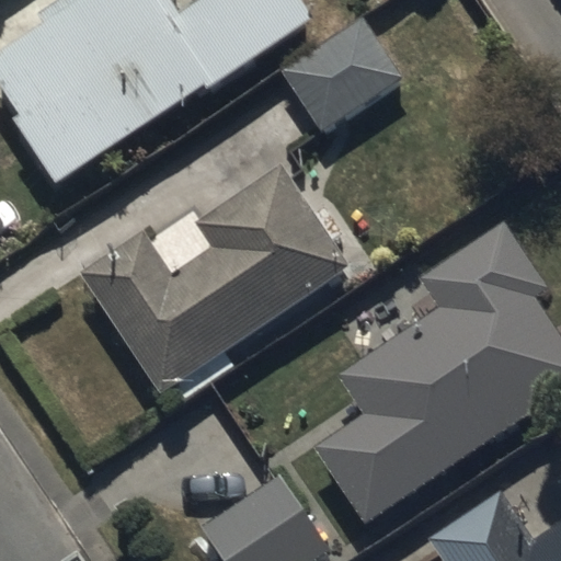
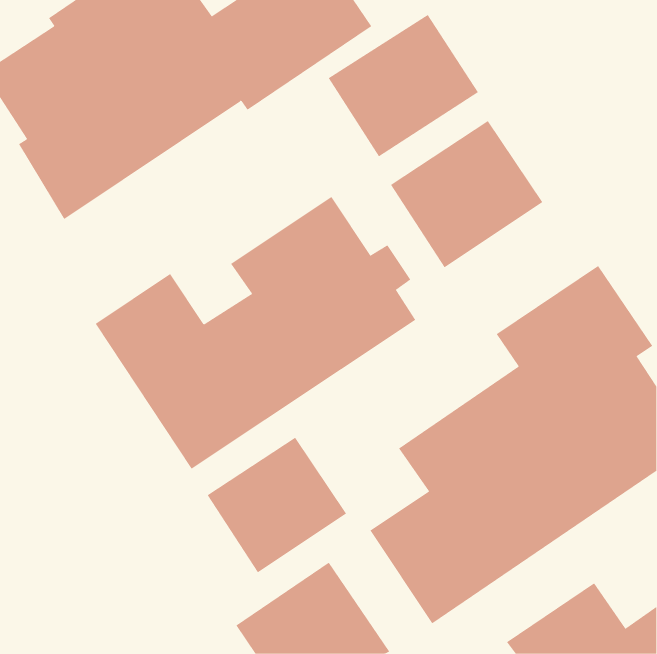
building: none -> [390,120,543,268]
building: none -> [207,437,347,573]

